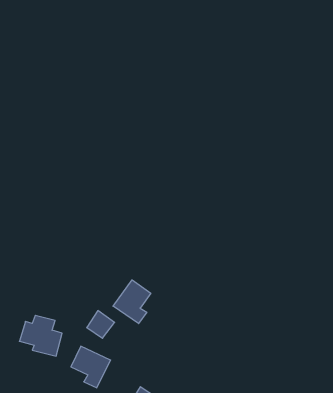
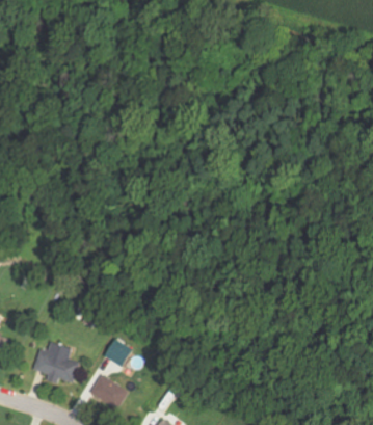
building: [113,280,151,324] -> none

